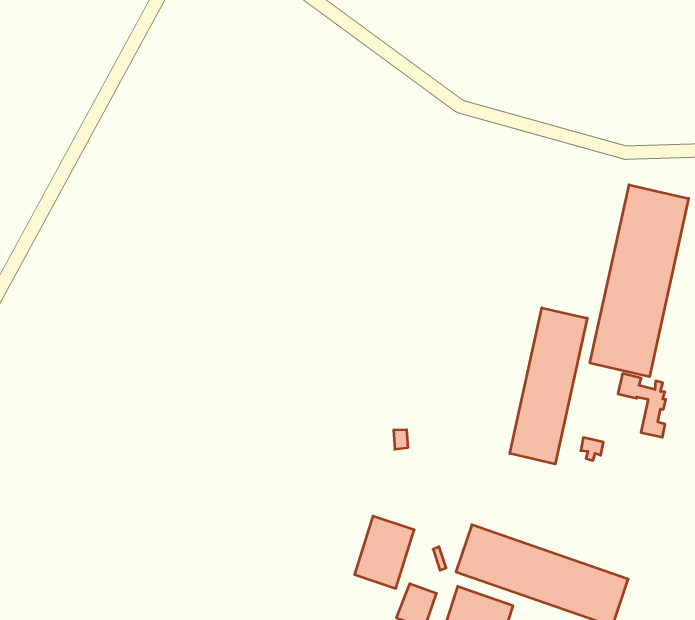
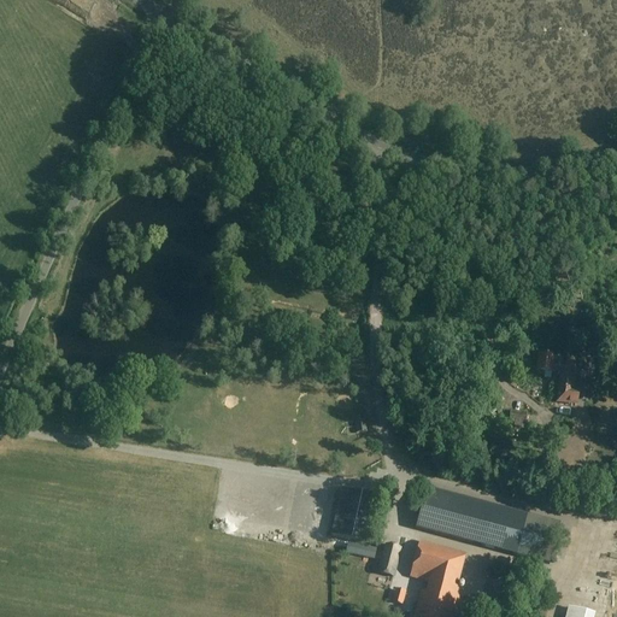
building: [590,185,689,377] -> none
building: [510,308,587,464] -> none

